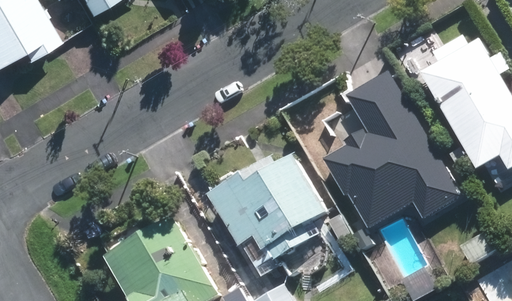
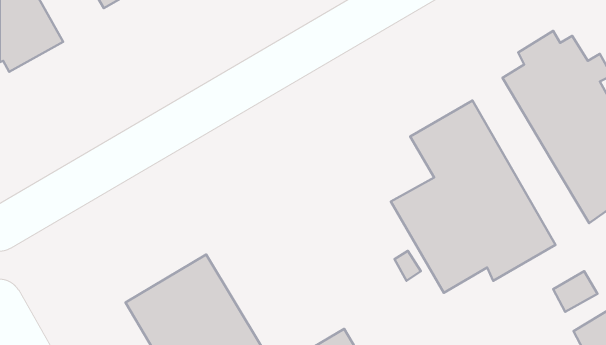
building: [209,153,328,266] -> none

